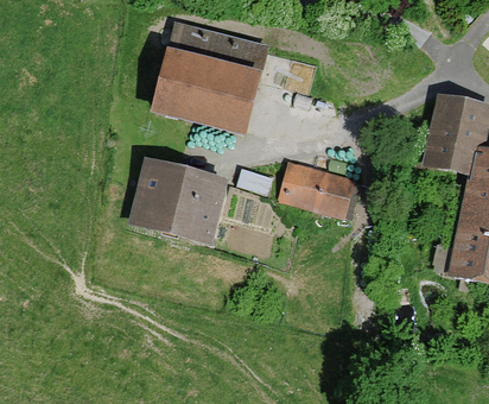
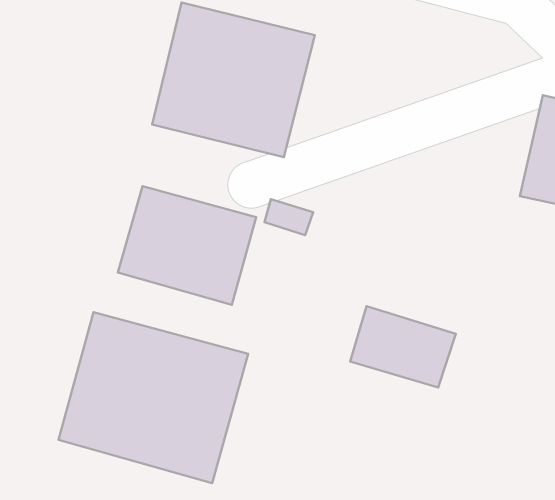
building: [274,160,351,220] -> [350,306,456,388]
building: none -> [59,312,248,483]

